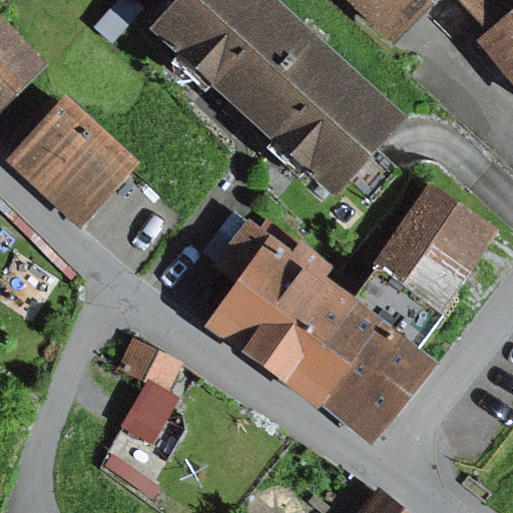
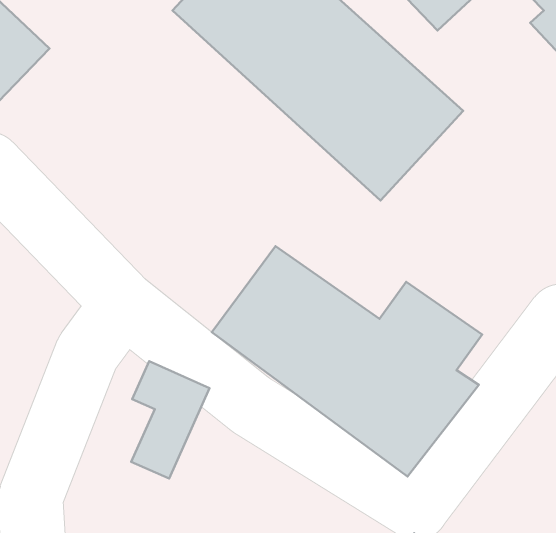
building: [12,94,140,220] -> none
building: [366,191,488,319] -> none

